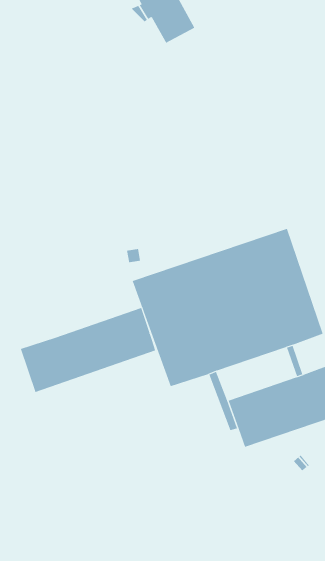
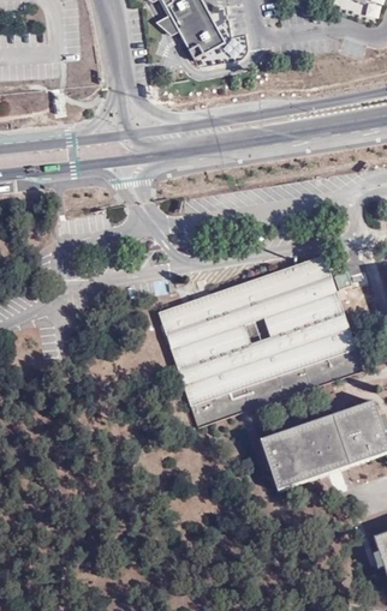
building: [20,307,156,393] -> none

